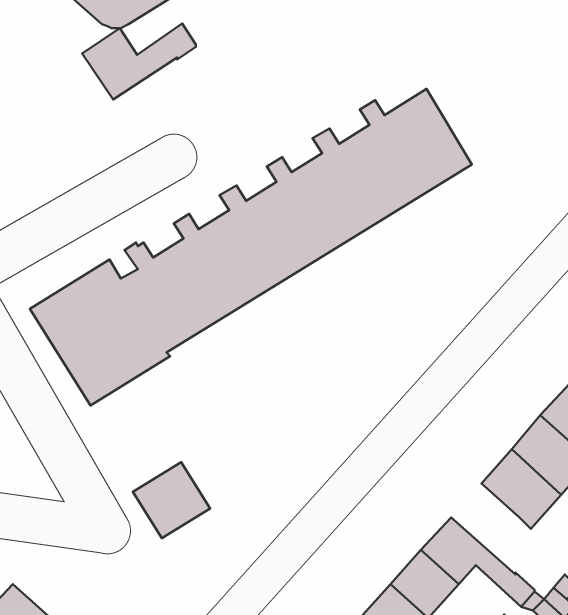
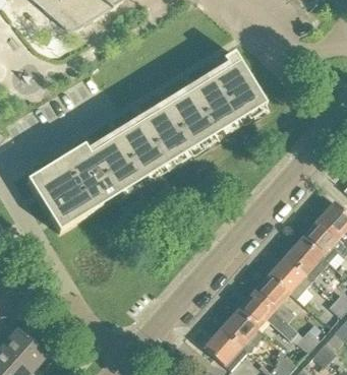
building: [82,23,196,99] -> none
building: [133,462,210,538] -> none
building: none -> [252,273,294,322]

